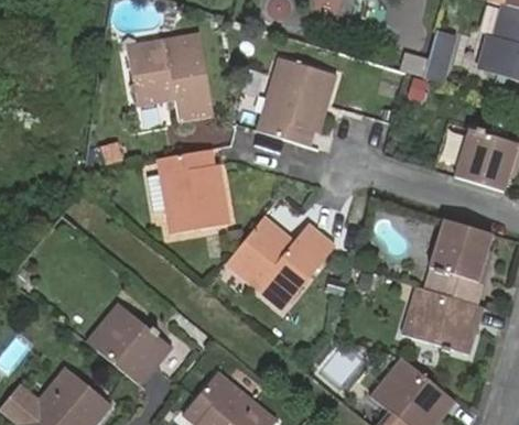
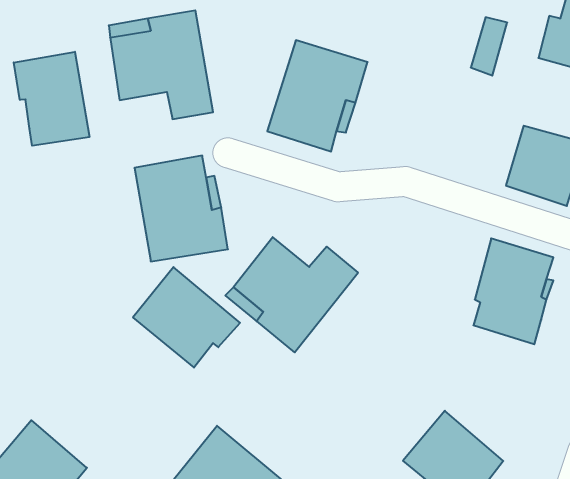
building: none -> [14,52,89,146]
building: [401,284,476,355] -> none
building: [87,301,174,382] -> [133,267,240,368]

